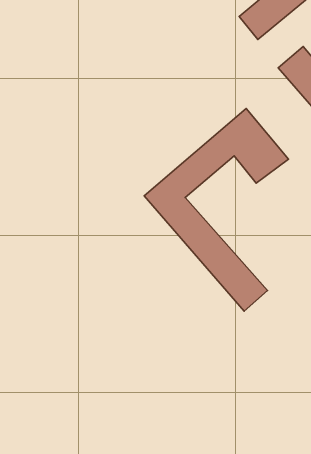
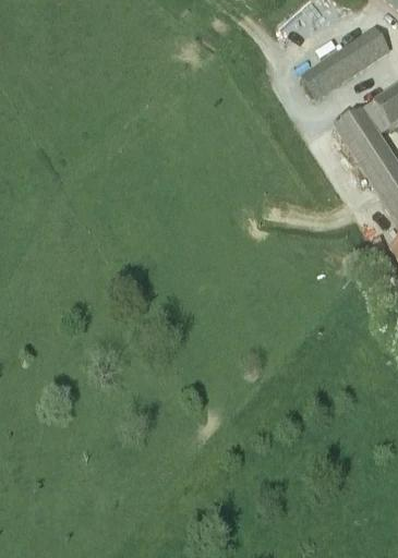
building: [144,109,288,311] -> none

